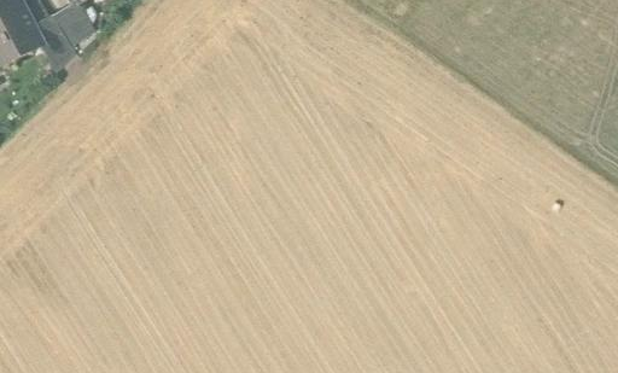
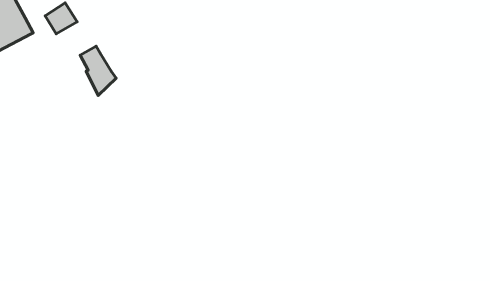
building: [33,12,76,71] -> [80,46,116,95]

